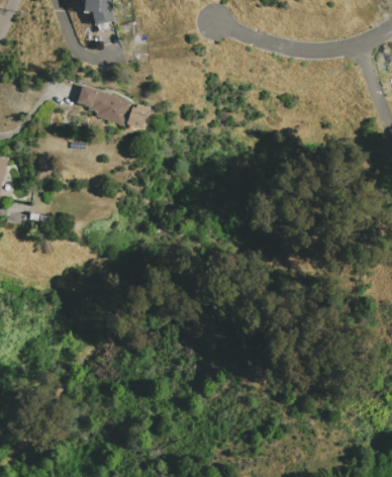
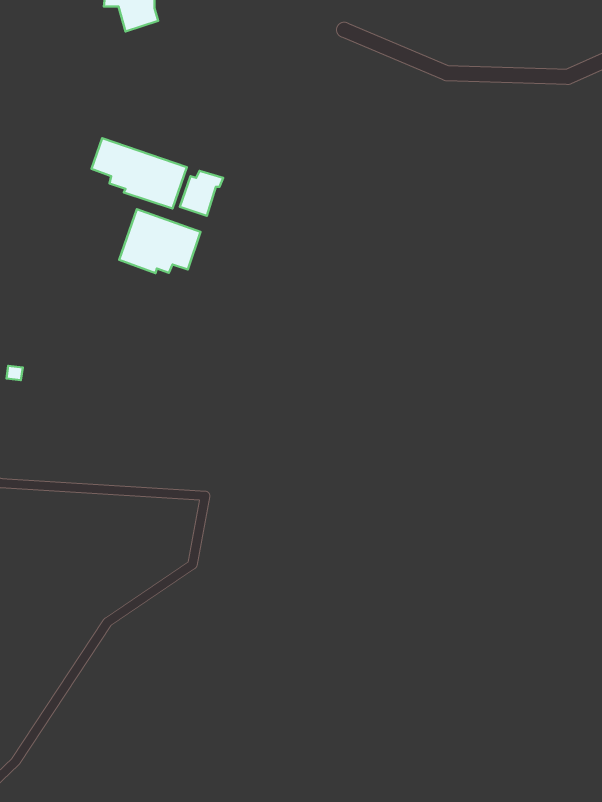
building: none -> [119,209,201,273]

